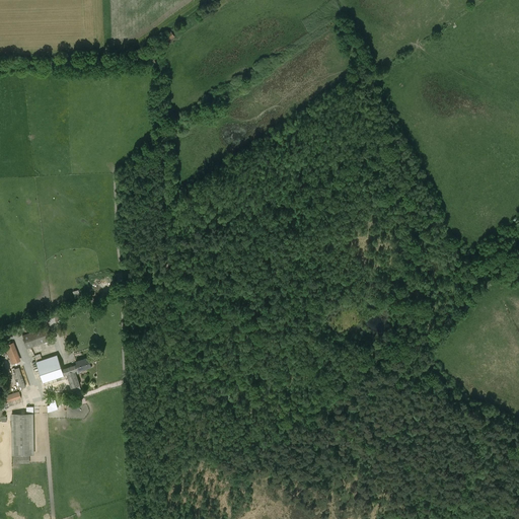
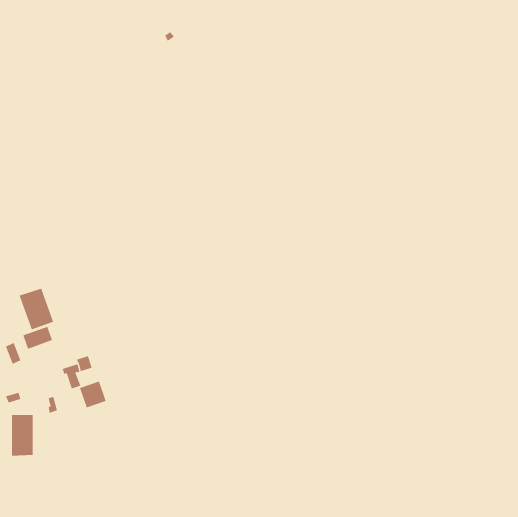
building: none -> [19,288,54,330]
building: [36,356,64,383] -> [79,381,107,408]

